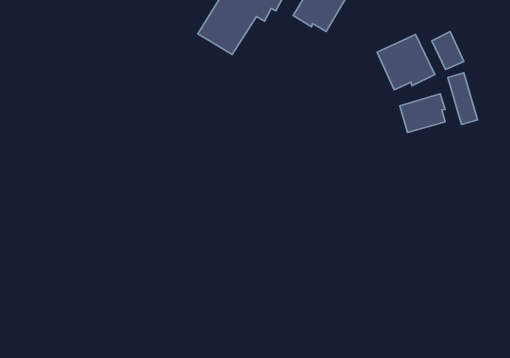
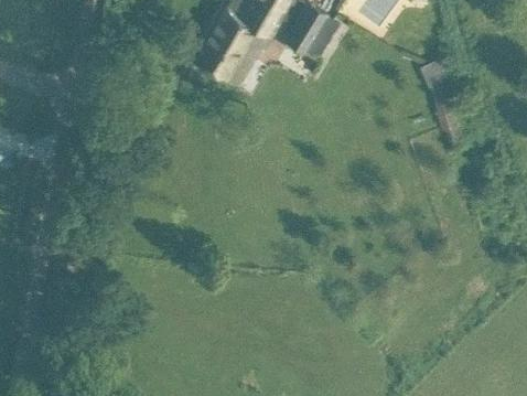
building: [377,34,435,90] -> none
building: [400,94,445,132] -> none

